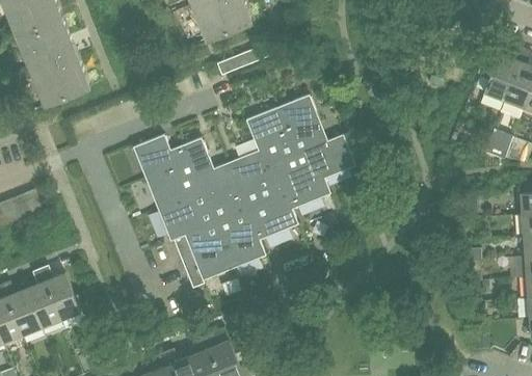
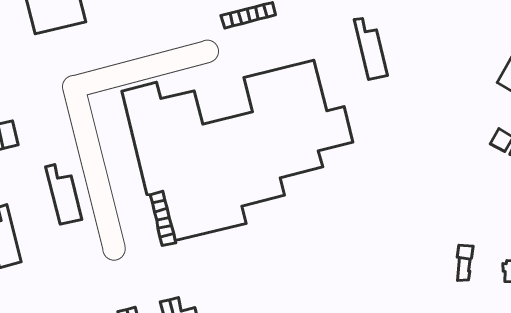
building: none -> [354,18,388,79]
building: [39,265,80,320] -> [46,165,82,224]

